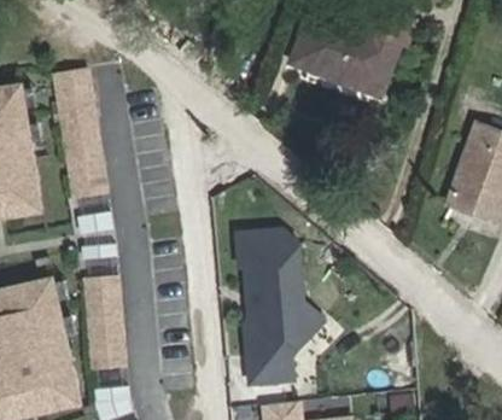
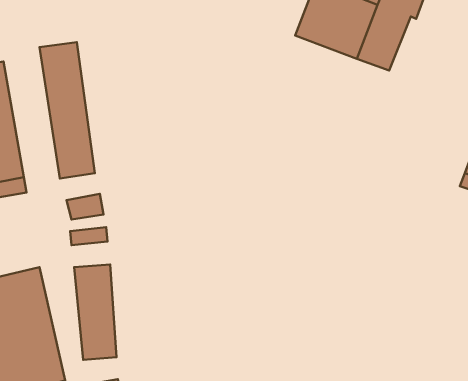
building: [237,227,321,380] -> none

